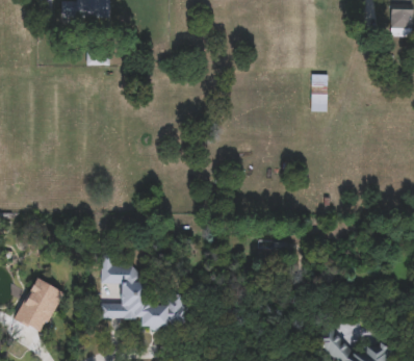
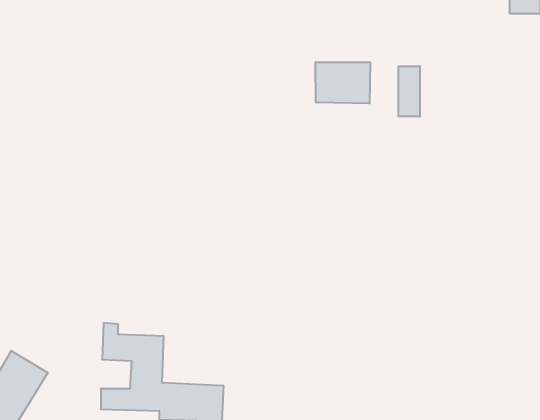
building: none -> [316,62,370,104]

